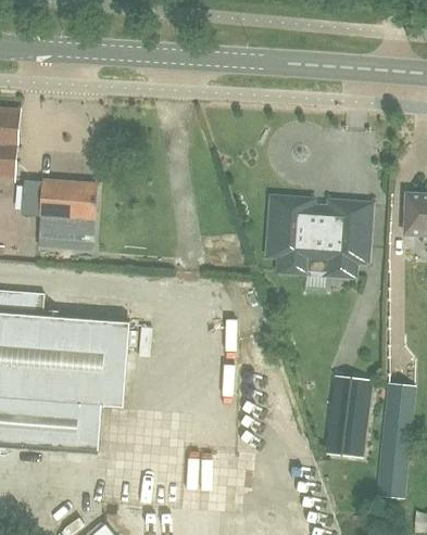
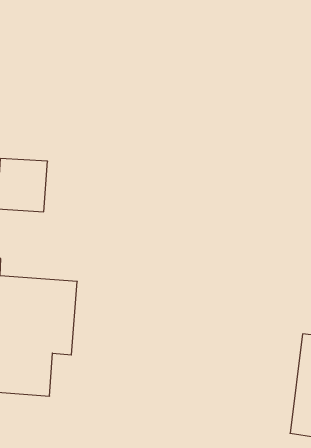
building: [268,199,372,277] -> none
building: [325,375,373,459] -> none

